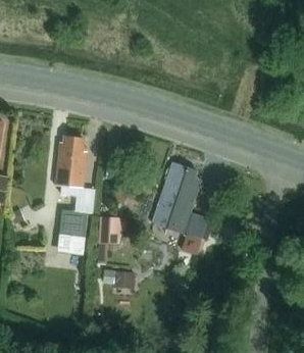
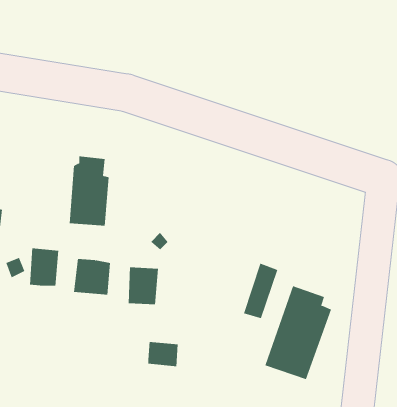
building: [152,164,201,233] -> [264,286,332,380]
building: none -> [30,247,59,287]

